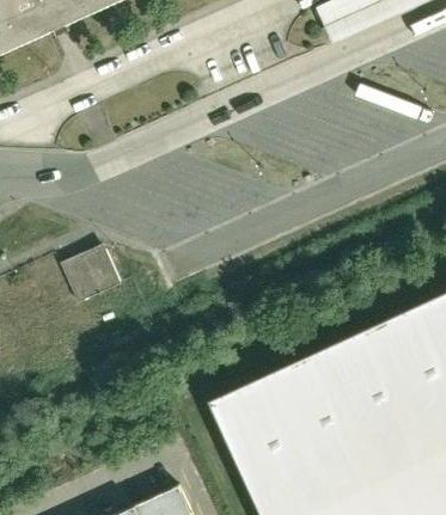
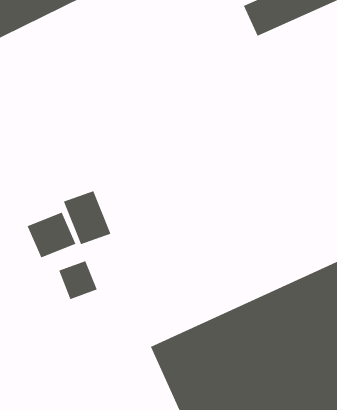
building: none -> [63,190,112,245]
building: none -> [58,260,98,300]

